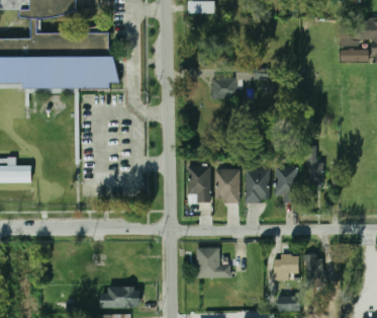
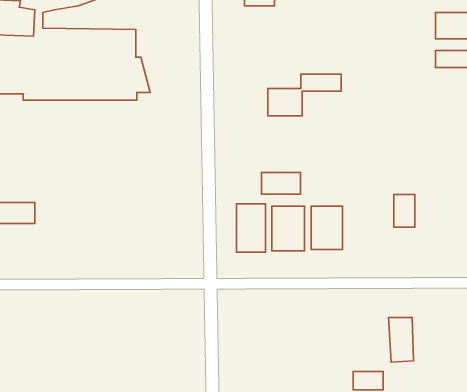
building: none -> [262,172,300,194]
building: [275,167,297,203] -> none
building: [197,249,230,279] -> none
building: [274,256,299,276] -> none
building: [101,288,142,308] -> none

